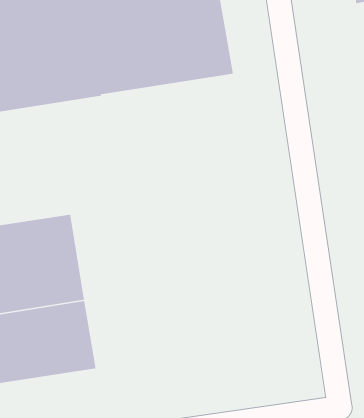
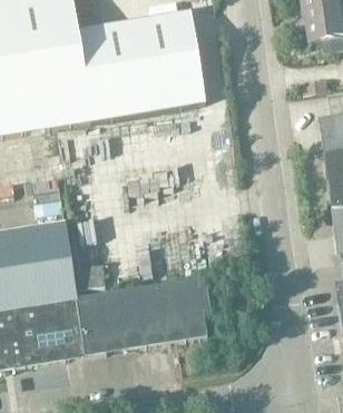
building: none -> [77,276,210,354]

